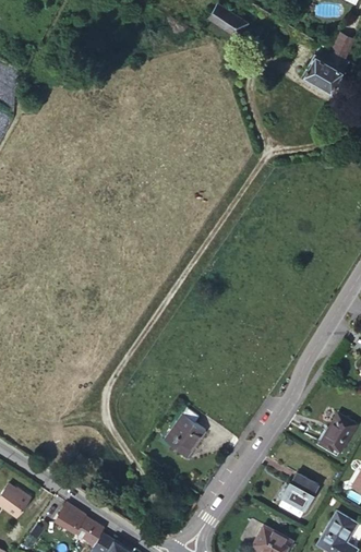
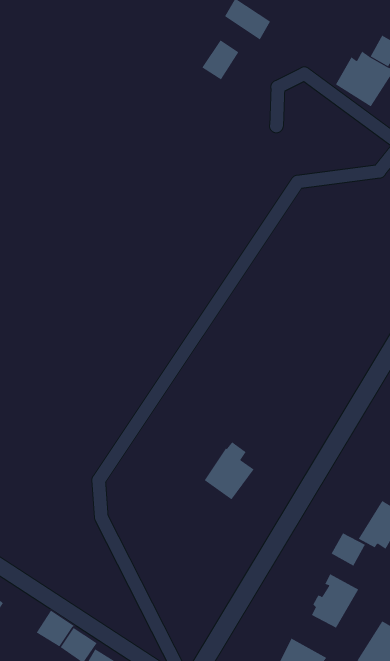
building: none -> [202,39,239,81]
building: [165,409,206,457] -> [204,441,255,500]
building: none -> [331,532,366,567]

